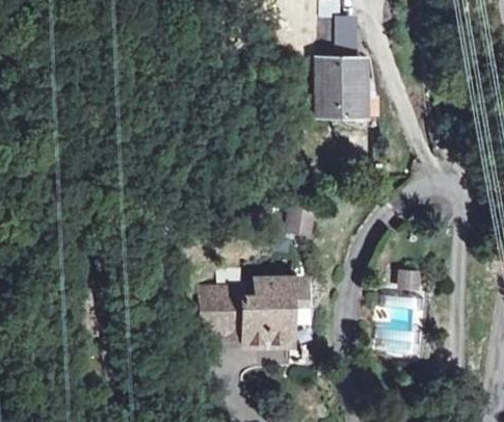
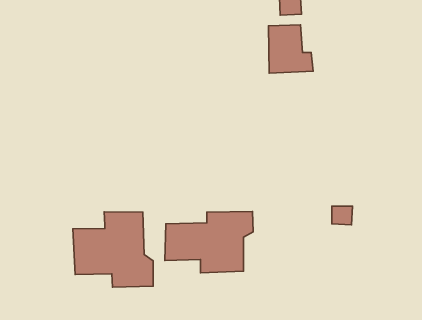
building: none -> [73,212,153,287]

